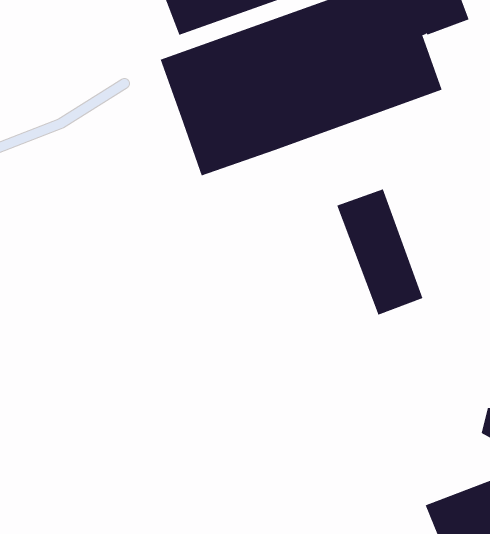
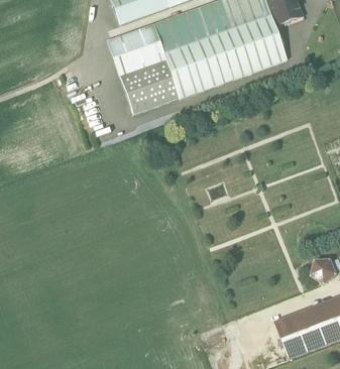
building: [337,188,423,315] -> none

